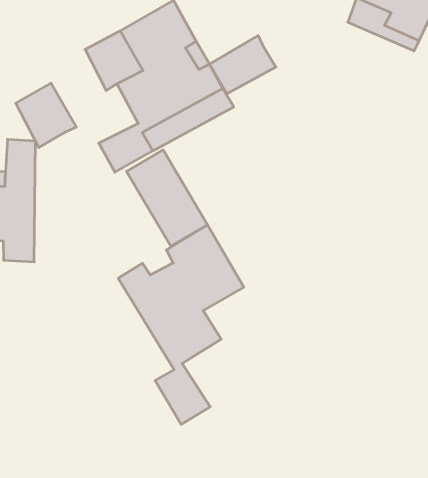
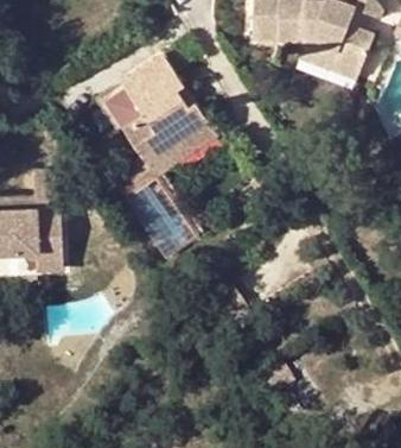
building: [210,36,276,94] -> none
building: [16,83,76,148] -> none
building: [118,225,244,424] -> none

